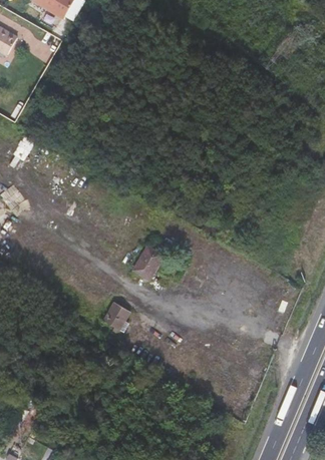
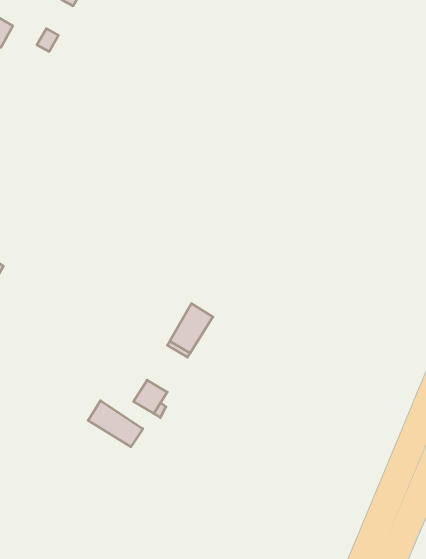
building: none -> [88,401,143,447]

